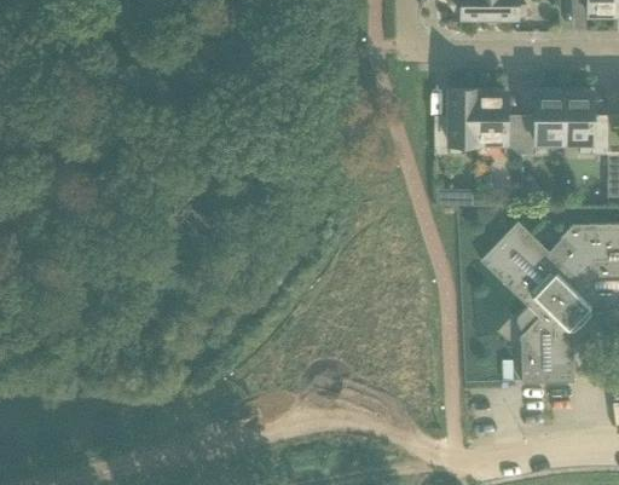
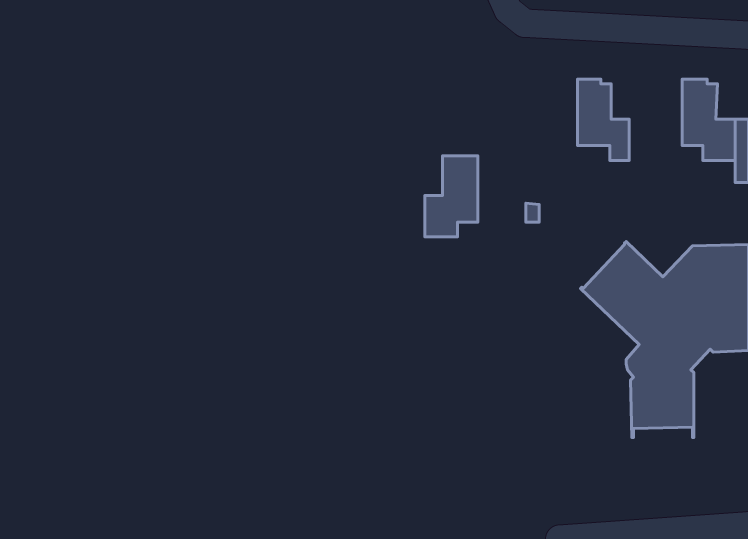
building: [434,87,478,154] -> [425,156,478,237]
building: [520,87,563,154] -> none

